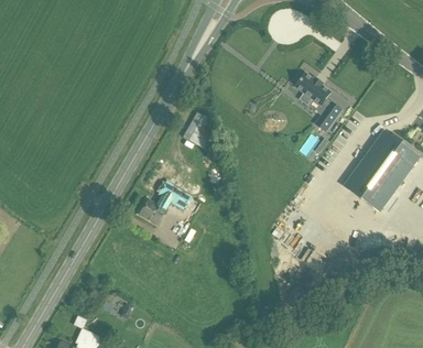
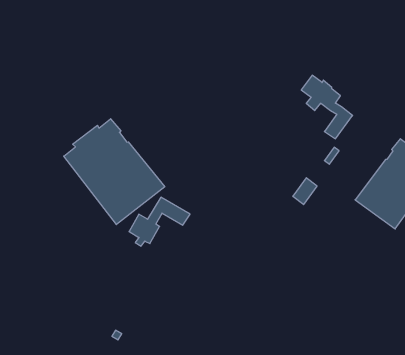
building: [182,111,215,151] -> none
building: none -> [64,119,165,225]

